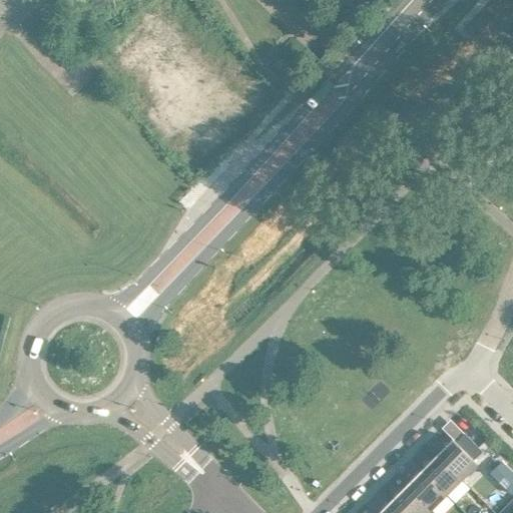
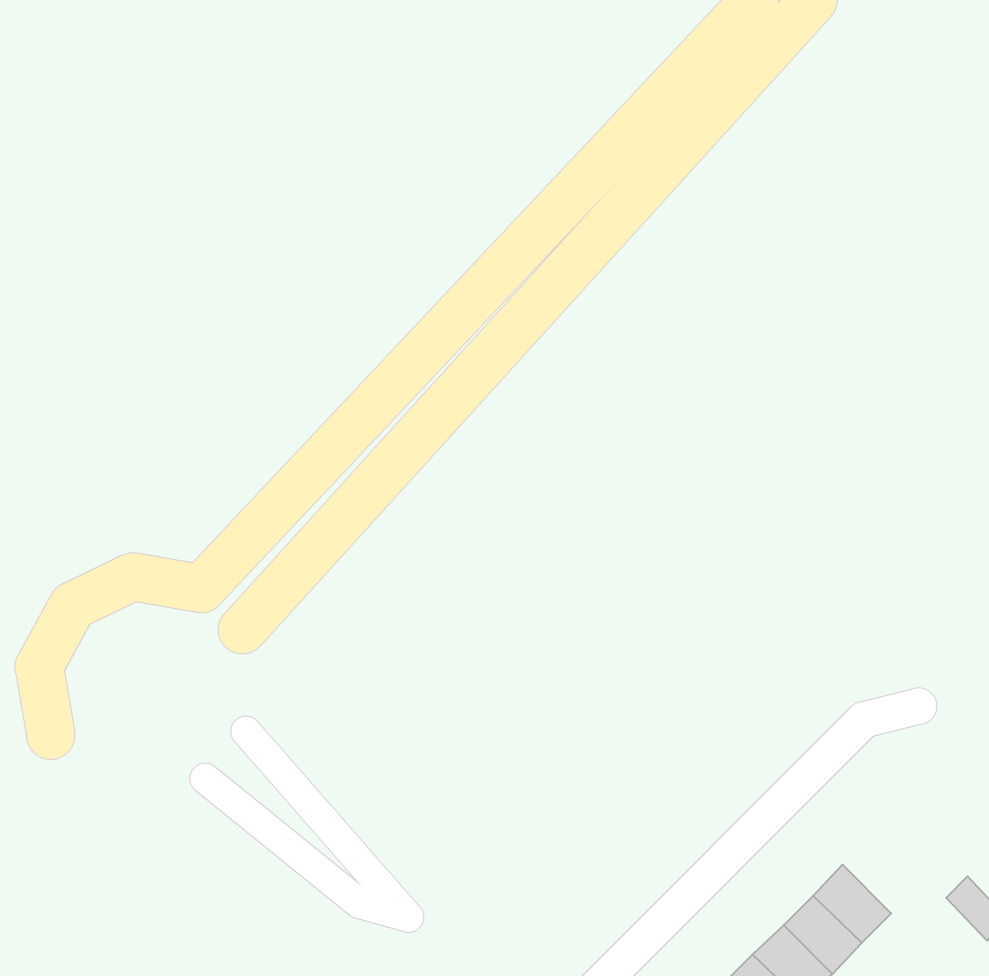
building: [437,434,483,480] -> none

